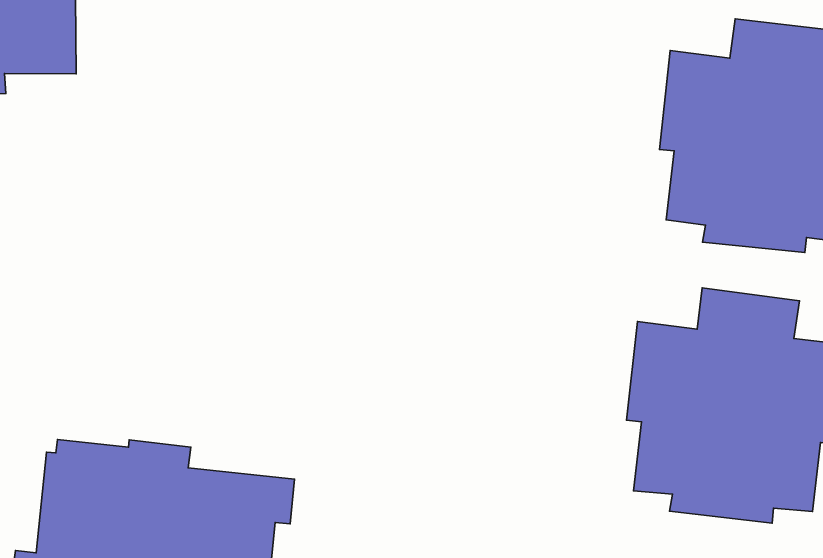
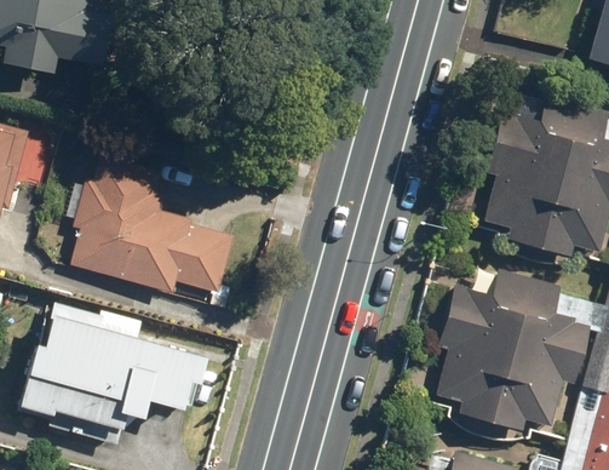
building: none -> [73,156,235,296]

